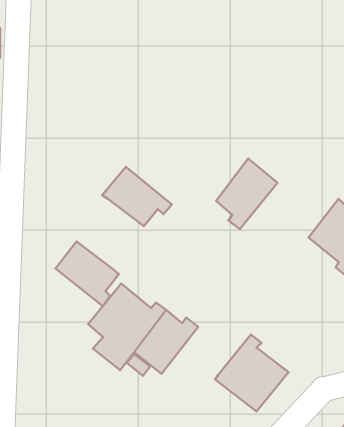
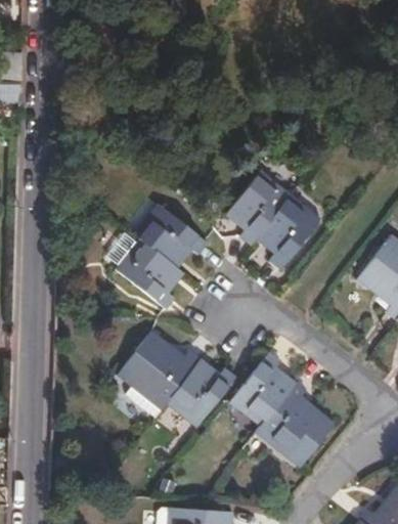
building: none -> [227,170,292,245]
building: [56,241,119,306] -> [117,237,185,308]
building: none -> [232,356,295,429]

